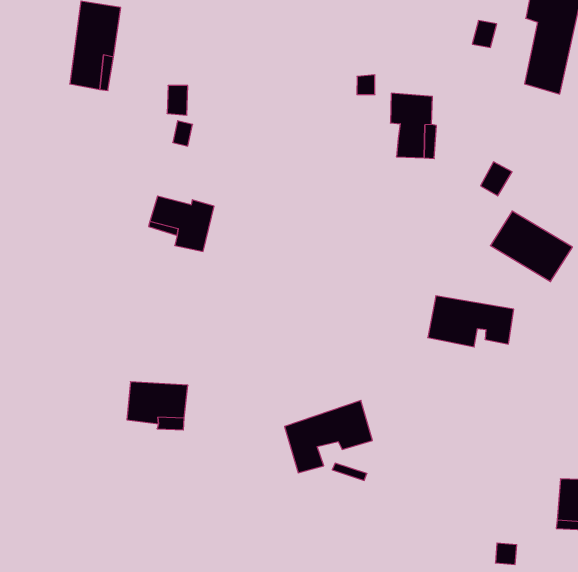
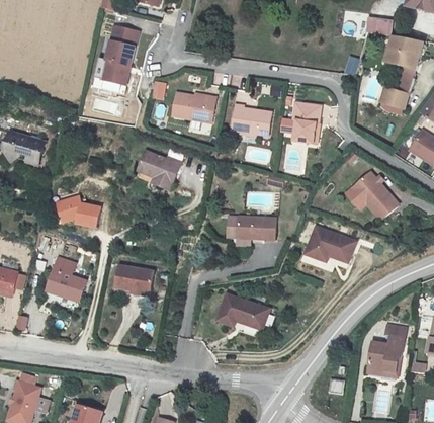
building: none -> [172,92,219,123]
building: none -> [231,98,270,133]
building: none -> [54,190,99,225]
building: none -> [224,216,276,253]
building: none -> [49,249,88,293]

